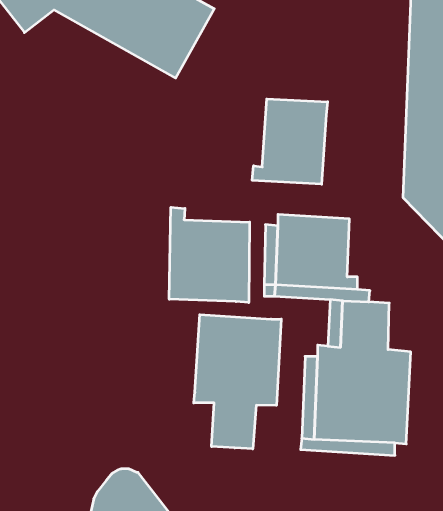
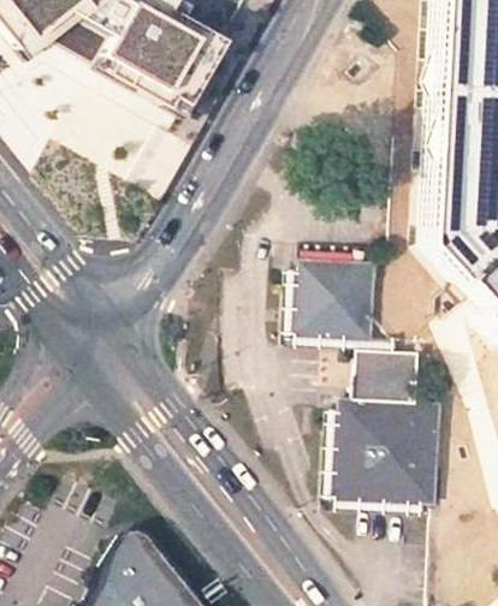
building: [252,99,328,184] -> none
building: [169,207,250,303] -> none
building: [194,315,281,449] -> none

